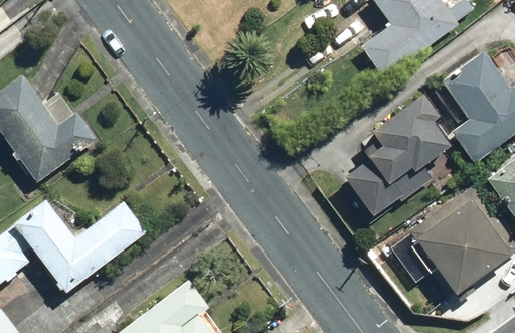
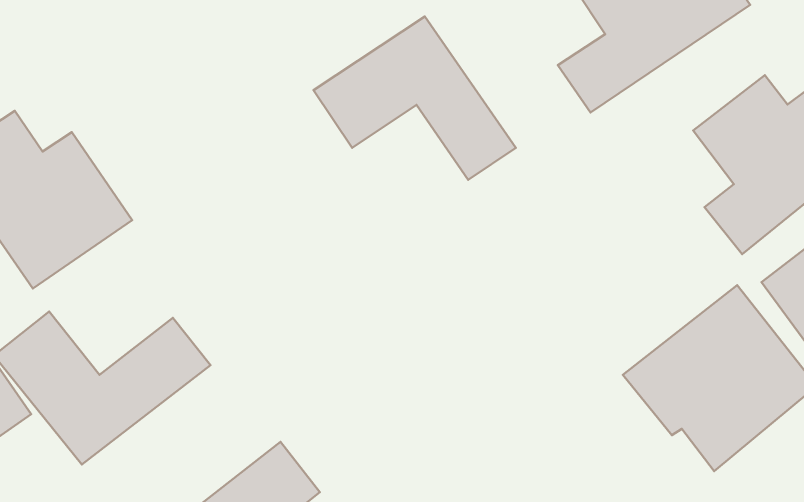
building: none -> [313,17,516,180]
building: [356,95,452,218] -> none

